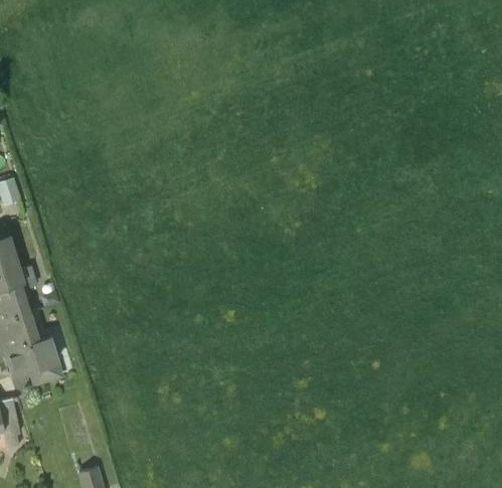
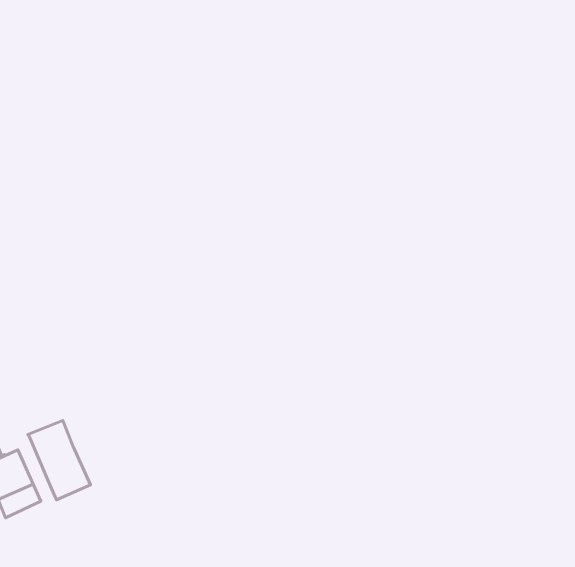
building: none -> [28,421,90,500]

